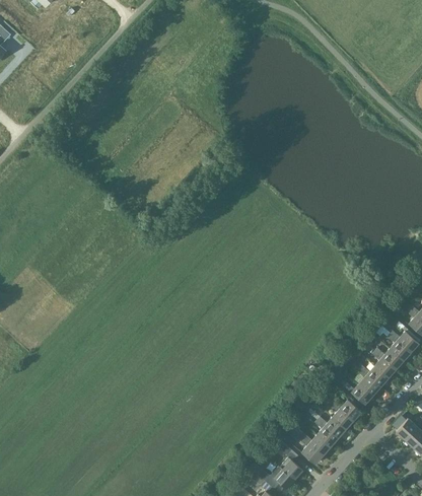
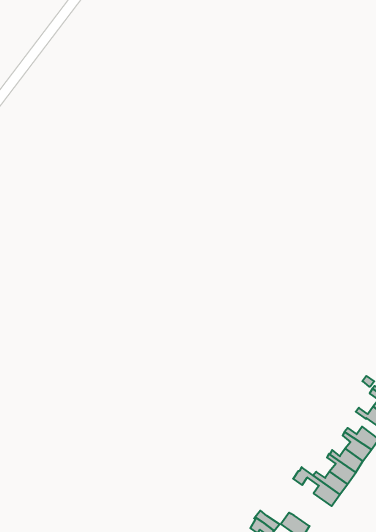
building: [279,442,304,480] -> none

